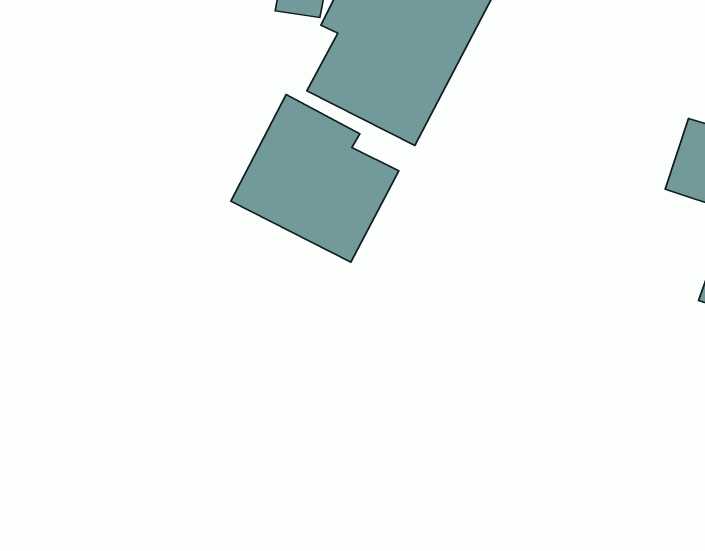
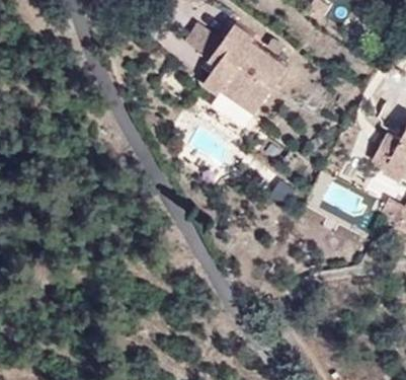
building: [231,94,399,262] -> none

